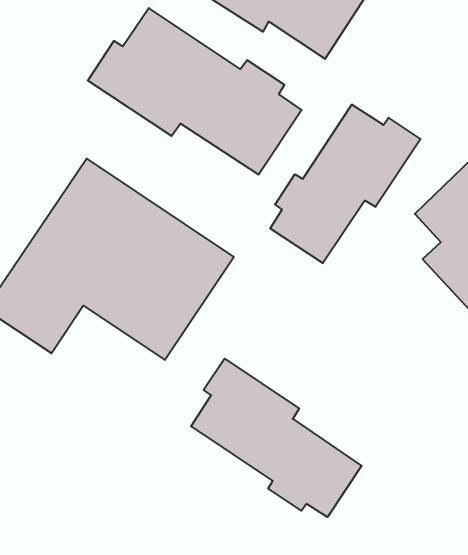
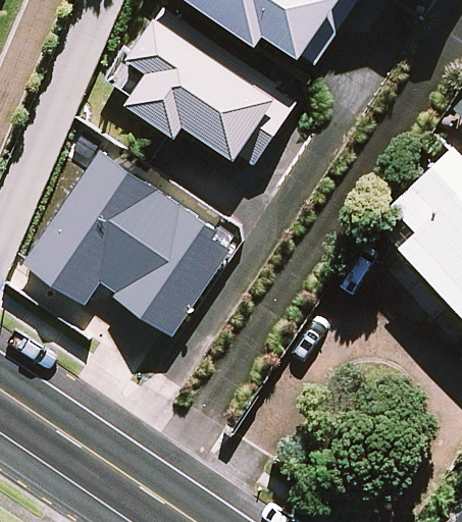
building: [270,104,420,263] -> none
building: [191,359,362,517] -> none

